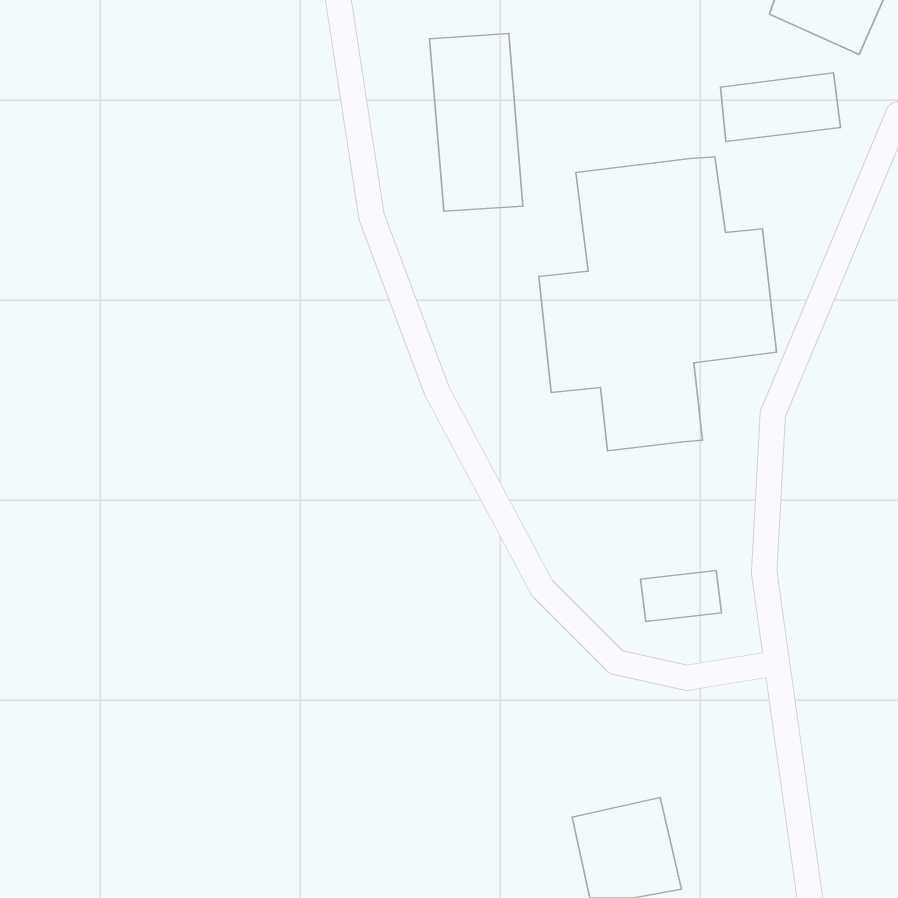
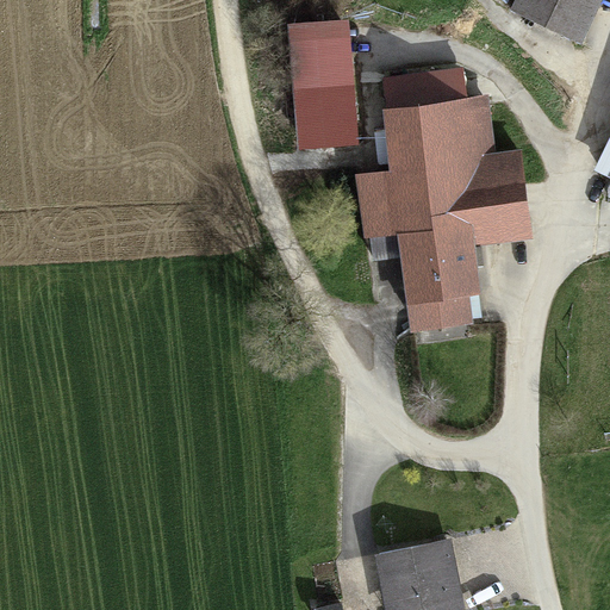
building: [721,73,840,142] -> [386,70,467,117]
building: [640,570,721,621] -> [411,299,466,334]

